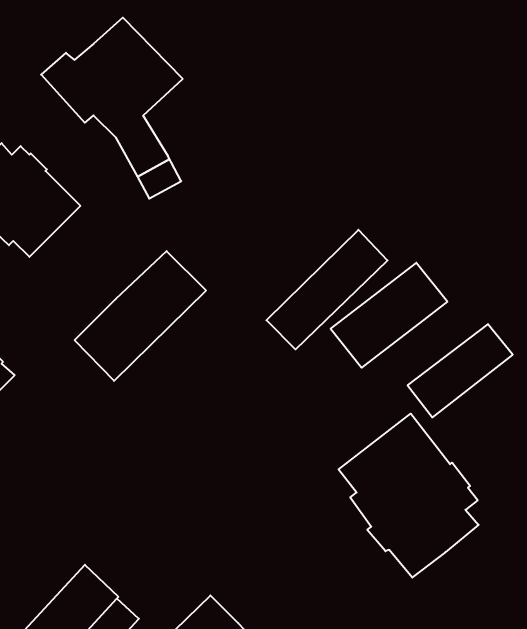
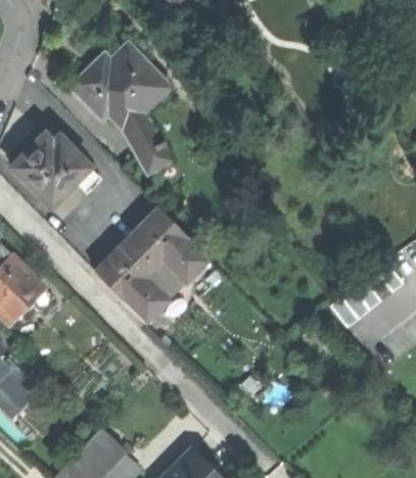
building: [266,230,388,349] -> [123,237,207,321]
building: [331,263,447,368] -> none
building: [339,414,479,578] -> none

